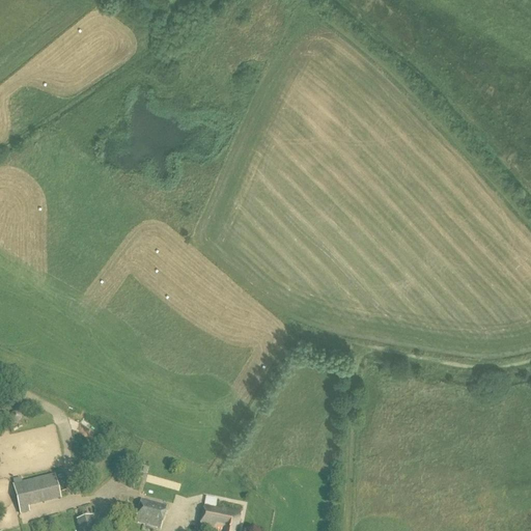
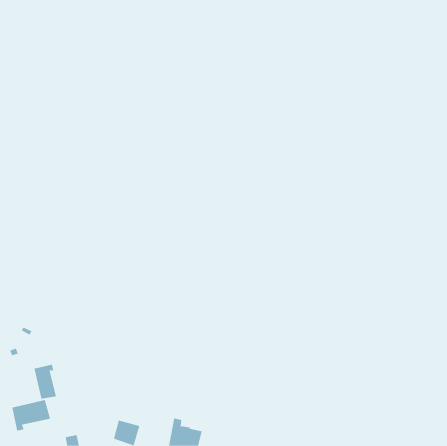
building: none -> [34,364,56,400]

